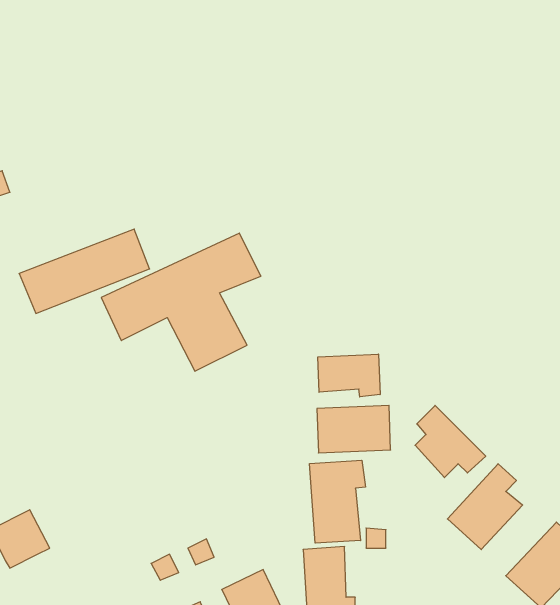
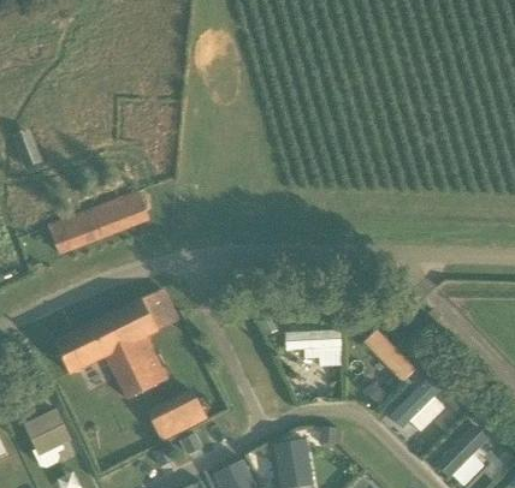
building: [101,233,261,371] -> [55,290,180,398]
building: [318,354,380,397] -> none
building: [310,460,365,543] -> none
building: none -> [148,388,209,441]

